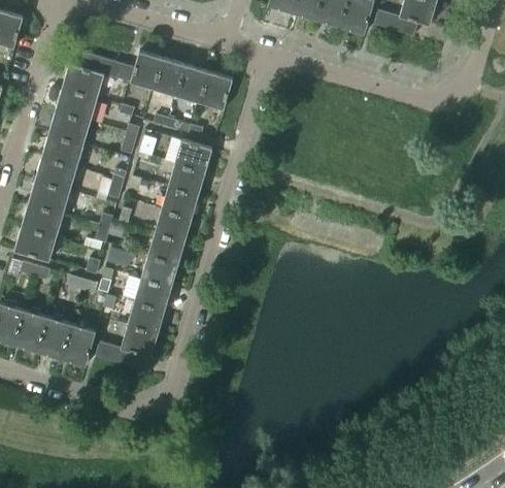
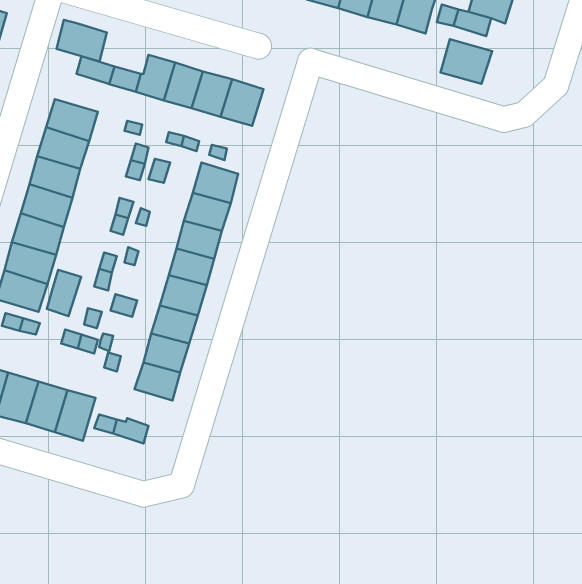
building: none -> [441,39,492,84]
building: [62,63,103,97] -> [56,20,107,62]
building: none -> [47,270,81,316]
building: [121,323,158,356] -> none

